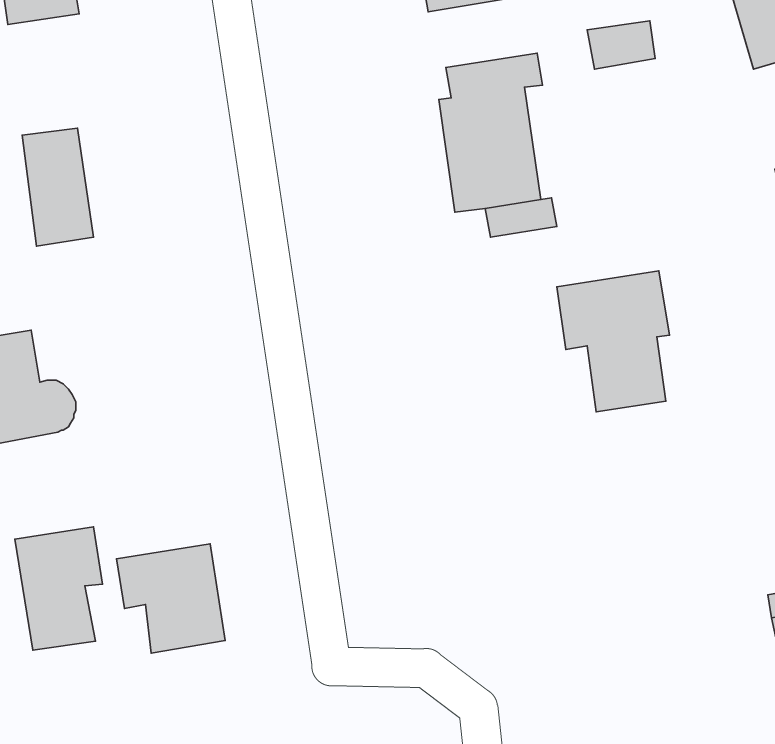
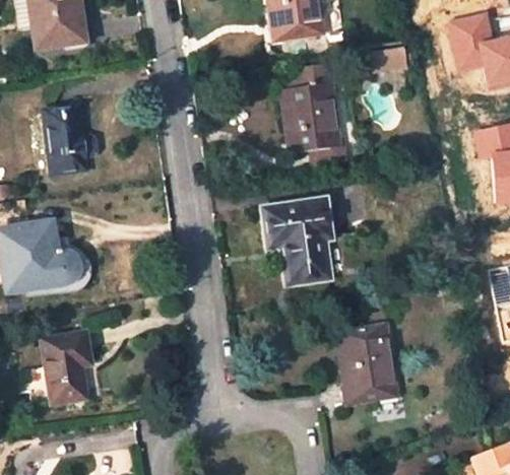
building: [557,271,669,412] -> [266,203,330,283]
building: none -> [337,327,396,404]
building: [116,544,225,653] -> none

